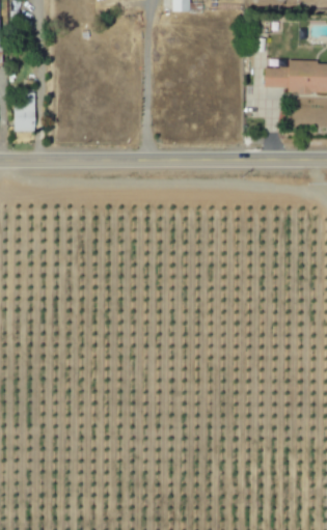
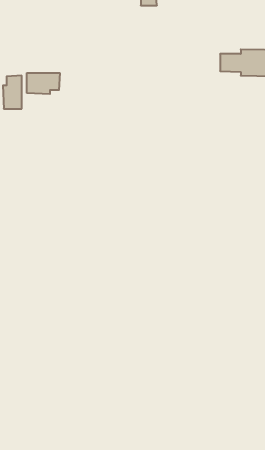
building: none -> [27,73,60,94]

